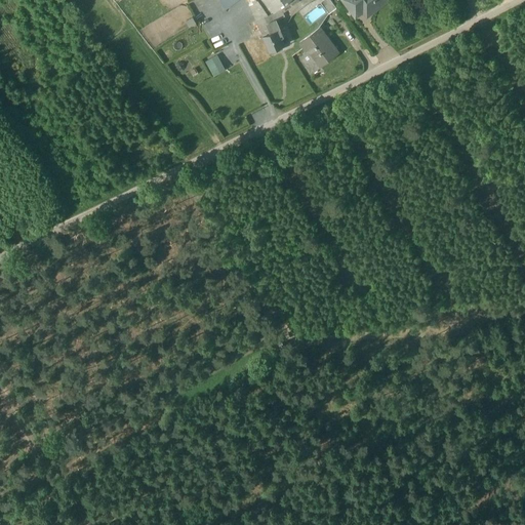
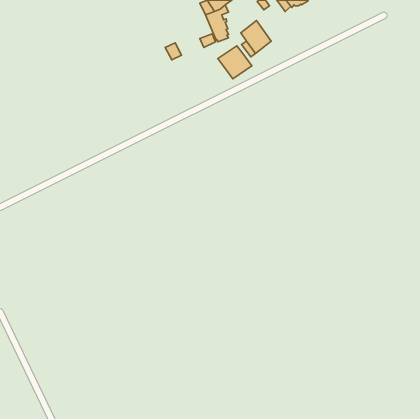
building: none -> [218,46,252,79]

